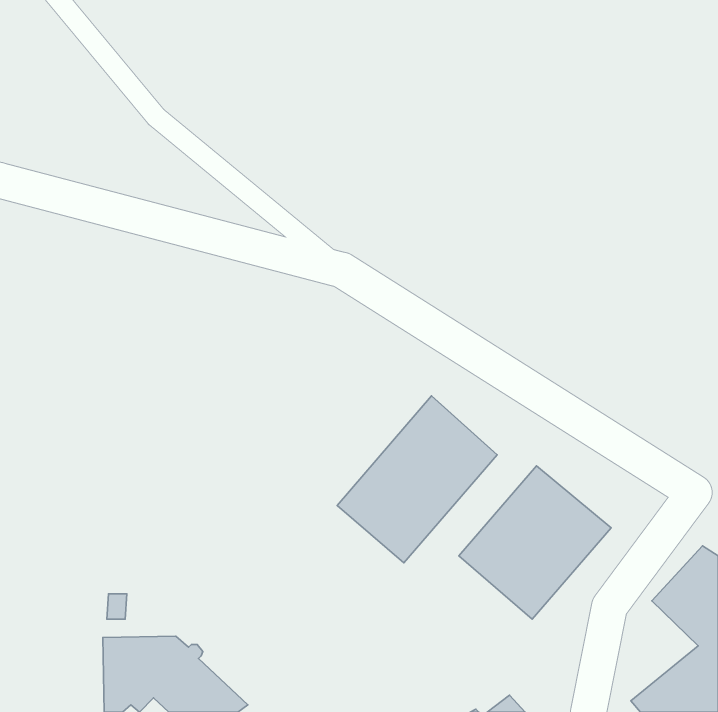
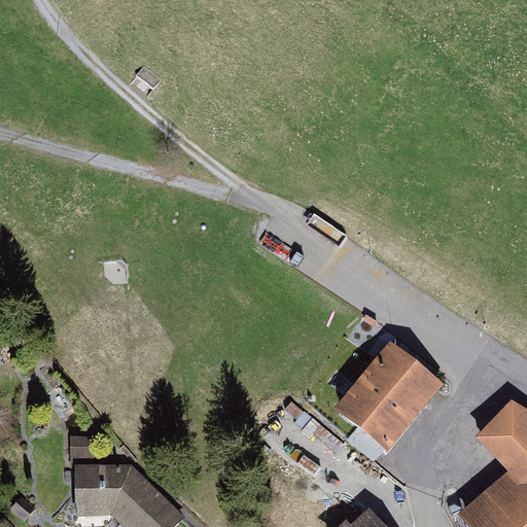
building: [337,396,497,563] -> none

